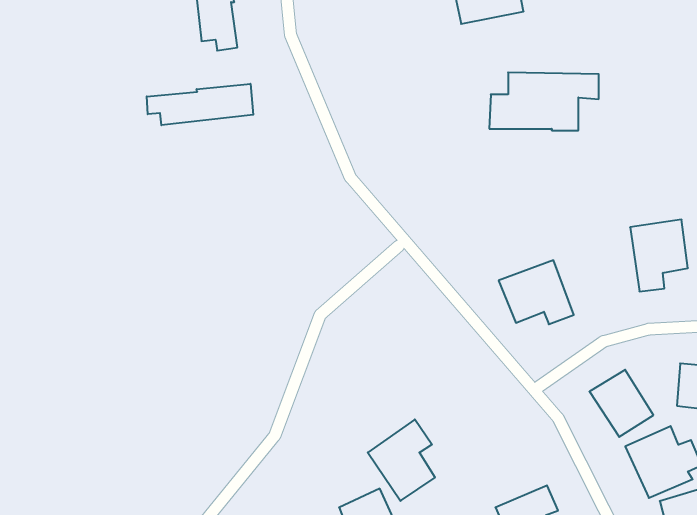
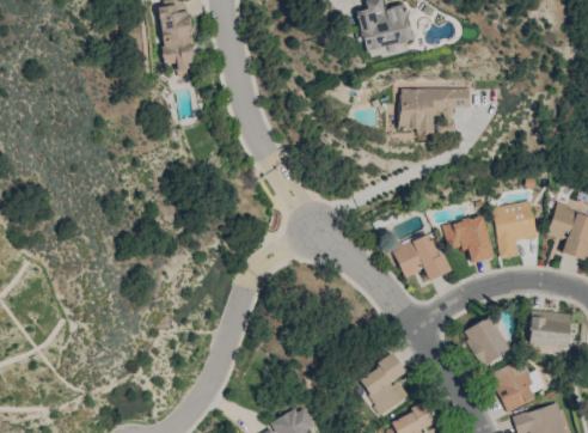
building: [147,84,253,125] -> none
building: none -> [446,215,492,263]
building: [368,419,435,501] -> [357,353,409,415]

